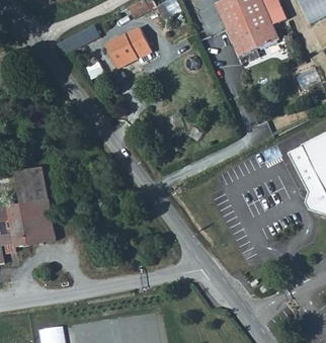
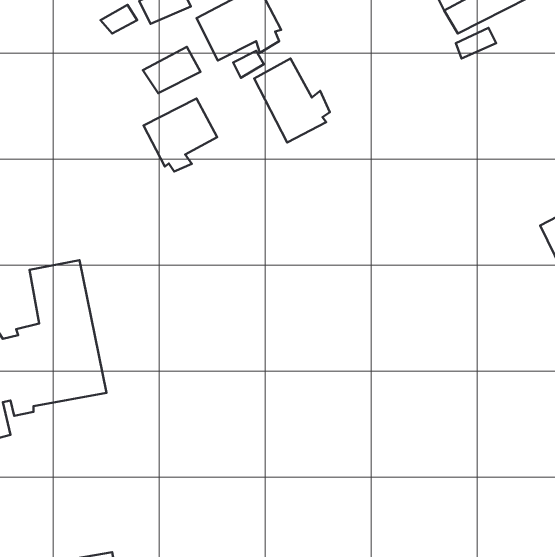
building: none -> [254,58,330,143]
building: none -> [143,98,217,171]

